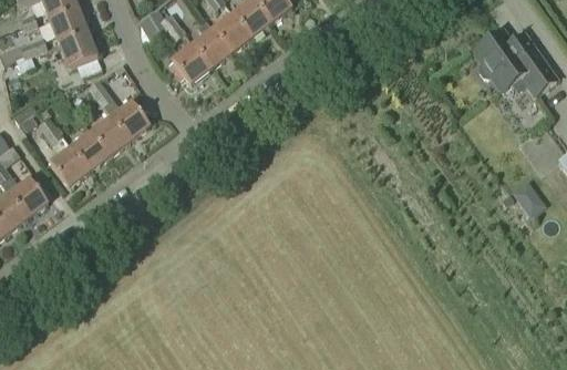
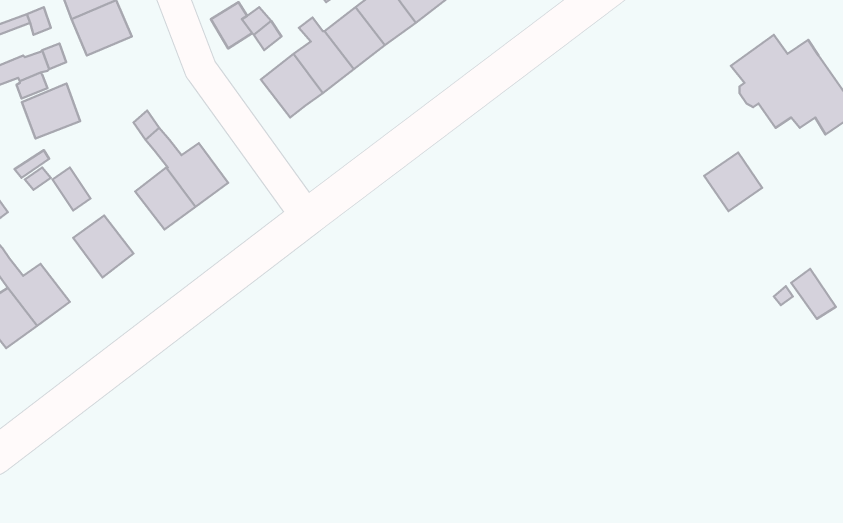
building: [59,31,96,66] -> [22,83,80,138]
building: none -> [704,152,762,211]
building: [70,131,109,171] -> none

